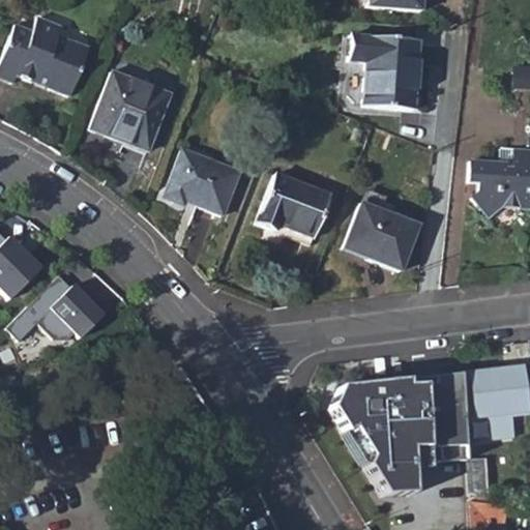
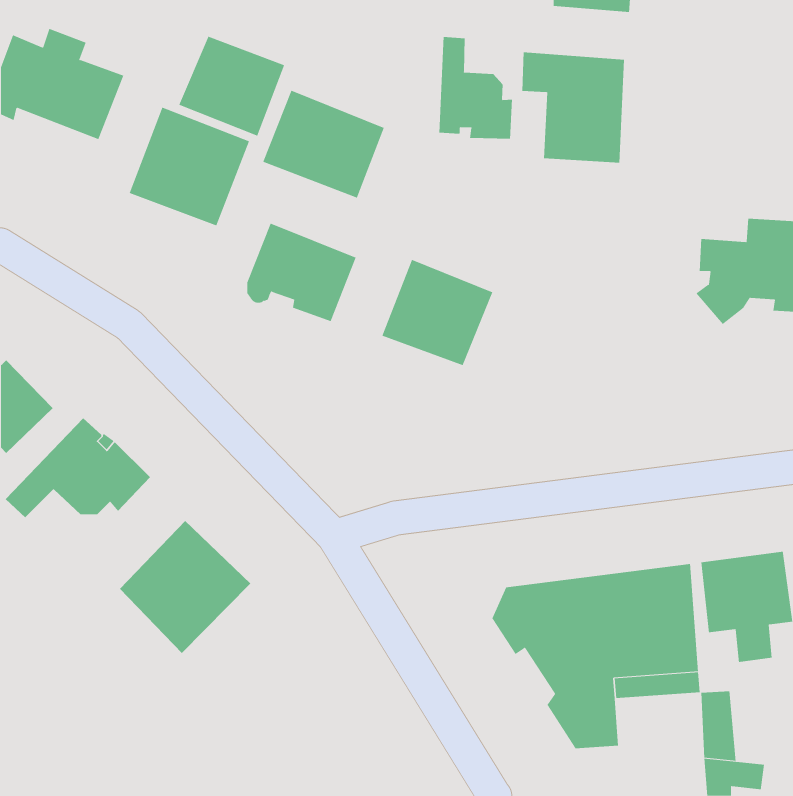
building: none -> [178,36,285,136]
building: none -> [439,36,512,140]
building: none -> [263,90,385,199]
building: [344,202,419,270] -> none
building: none -> [119,520,251,654]

